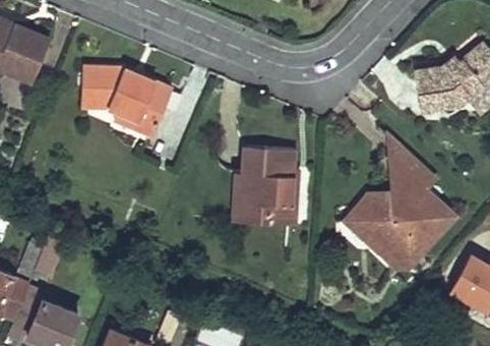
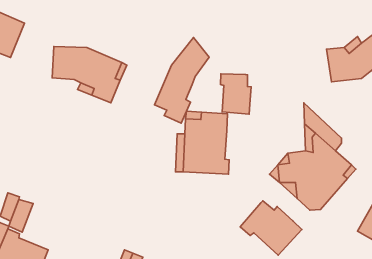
building: none -> [155,37,209,123]
building: none -> [221,74,251,114]
building: none -> [240,201,302,255]

